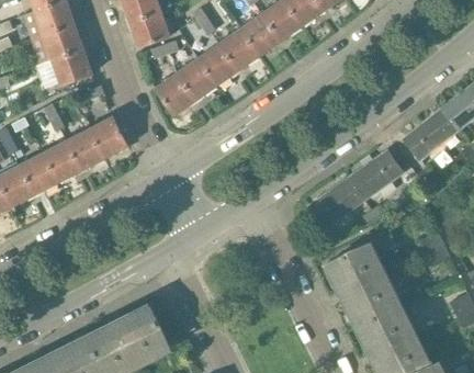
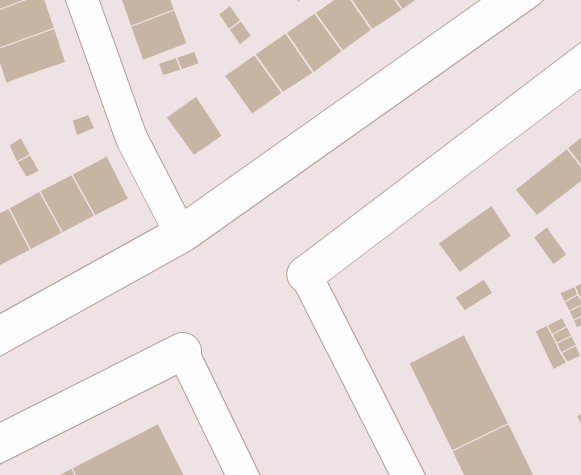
building: [52,48,92,84] -> none
building: [177,58,216,101] -> none
building: [309,178,364,227] -> none

